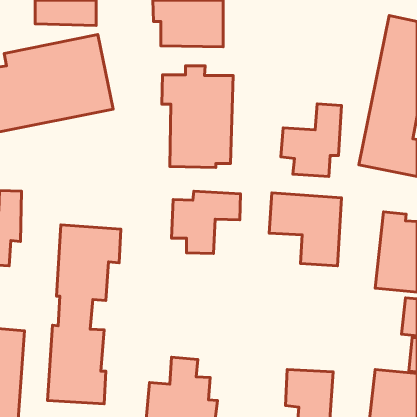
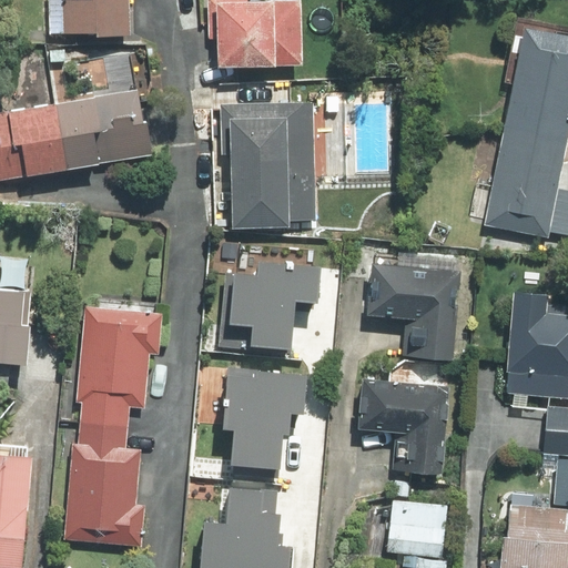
building: [281,104,341,176] -> none
building: none -> [223,369,308,469]
building: none -> [357,378,449,476]

